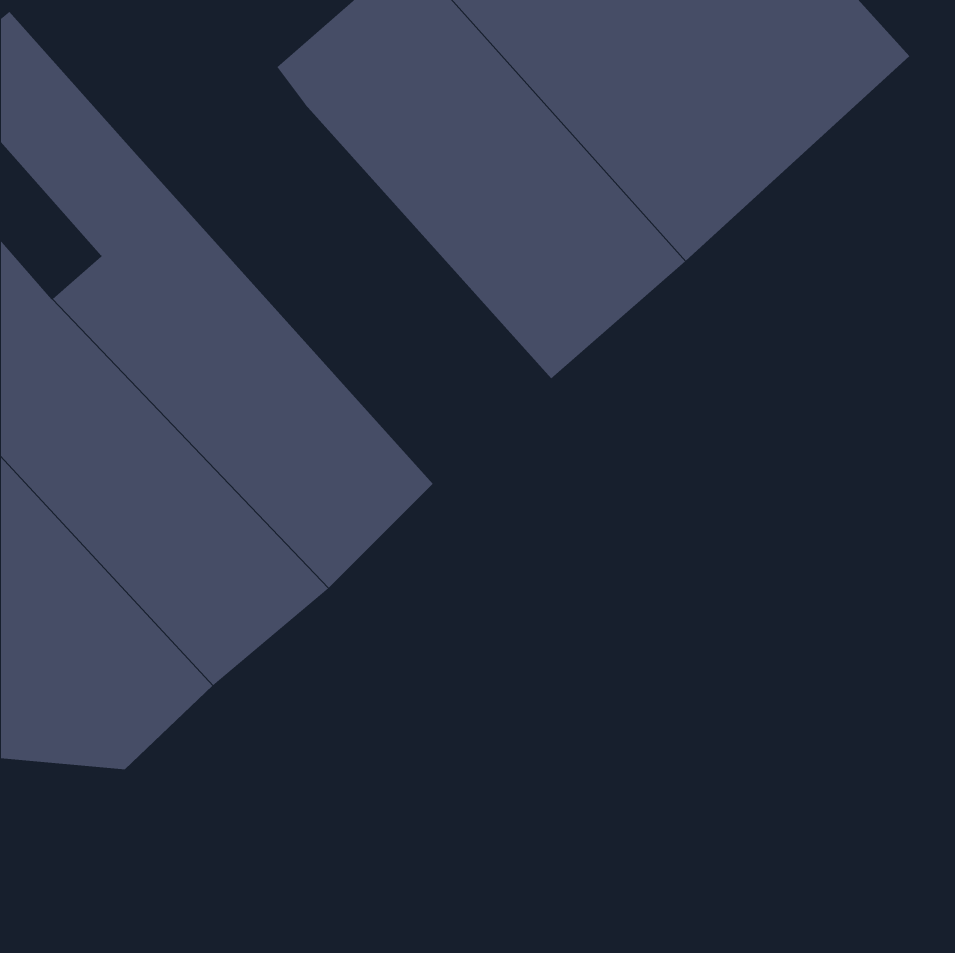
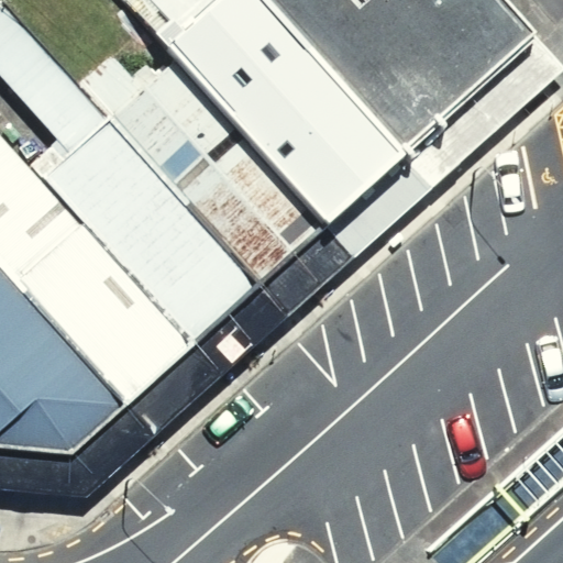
building: none -> [79,59,324,285]

